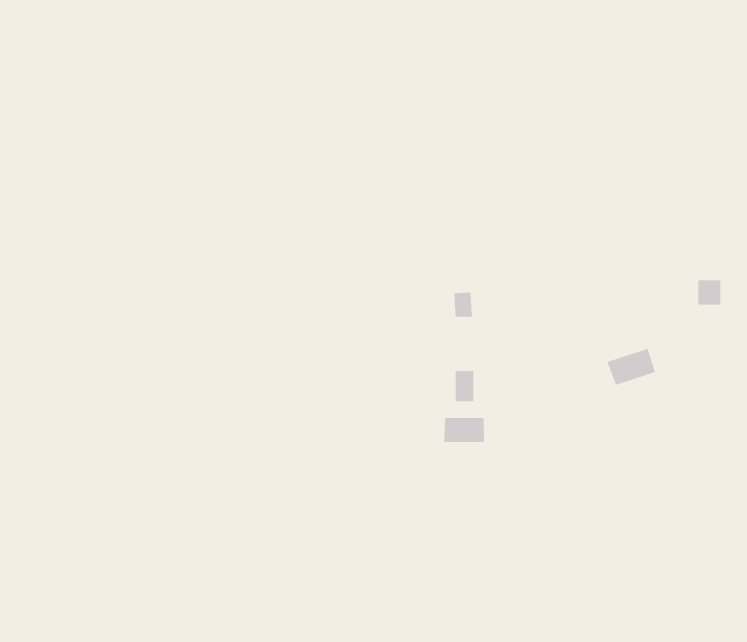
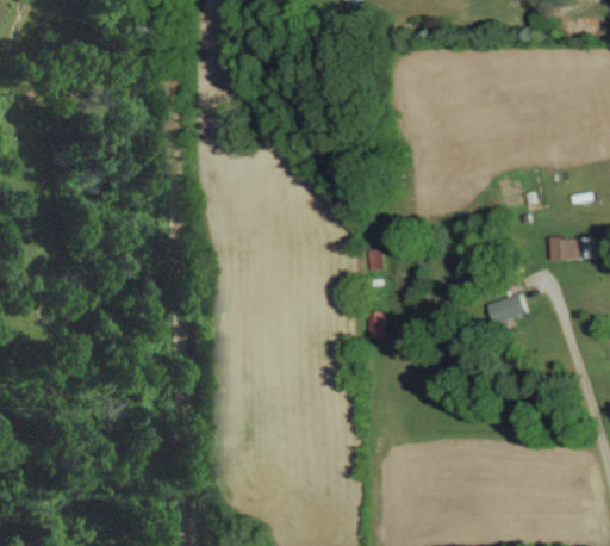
building: [444,417,484,443] -> none

